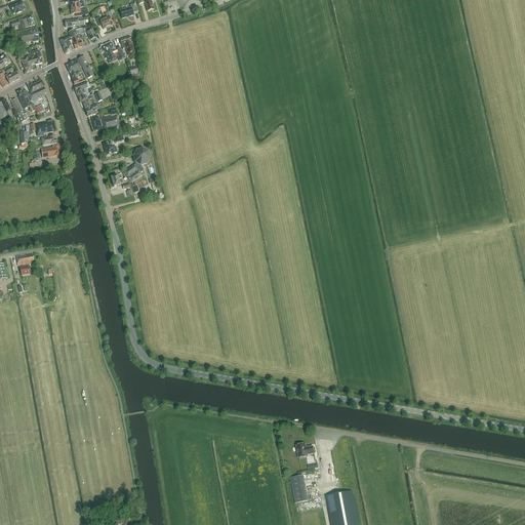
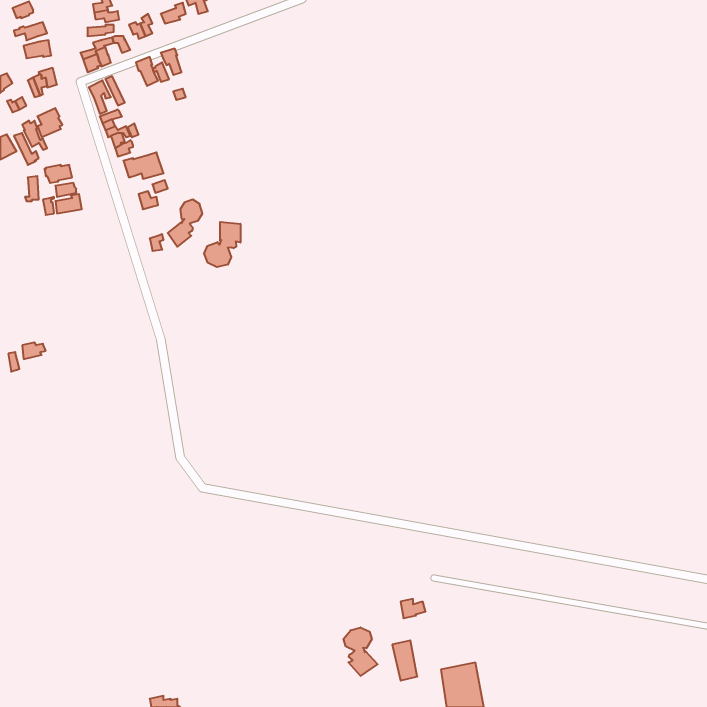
building: none -> [204,222,240,267]
building: none -> [344,627,378,676]

